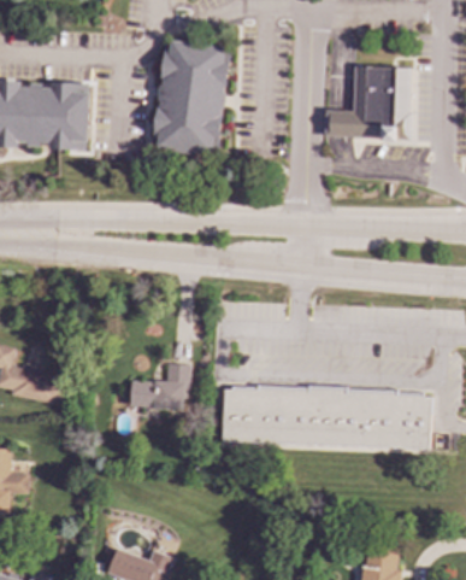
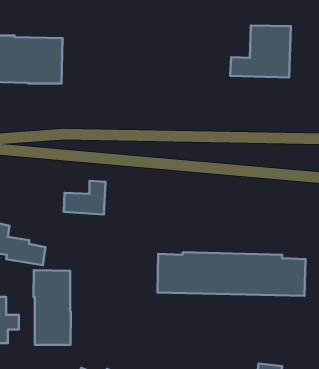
building: [154,40,231,154] -> none
building: [130,363,189,410] -> [64,181,106,214]
building: none -> [33,270,71,345]

